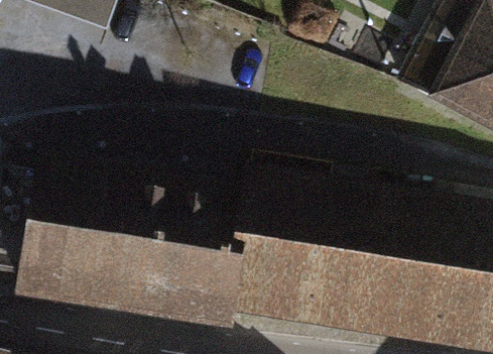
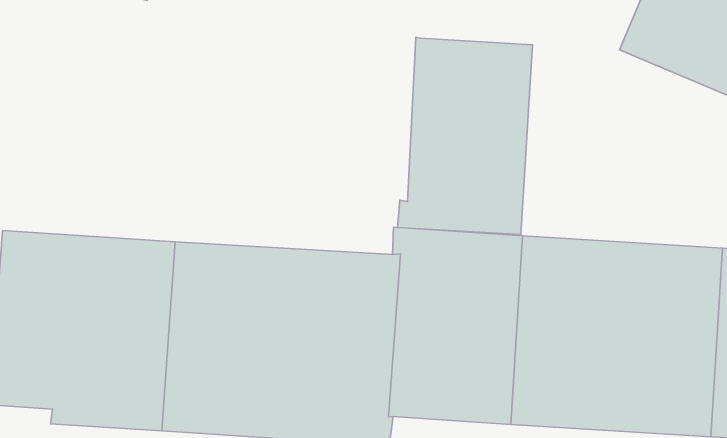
building: none -> [398,37,533,235]

